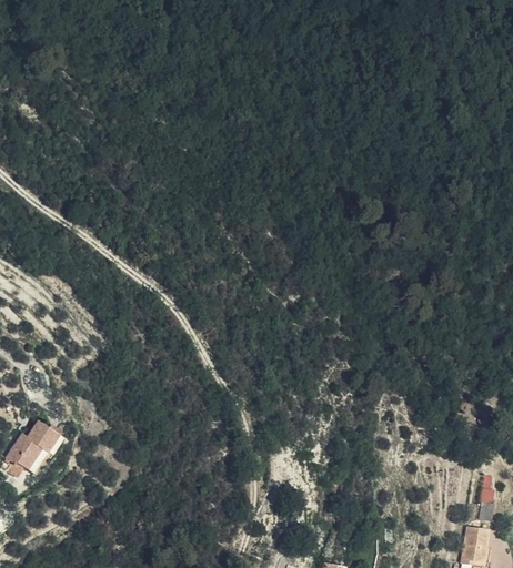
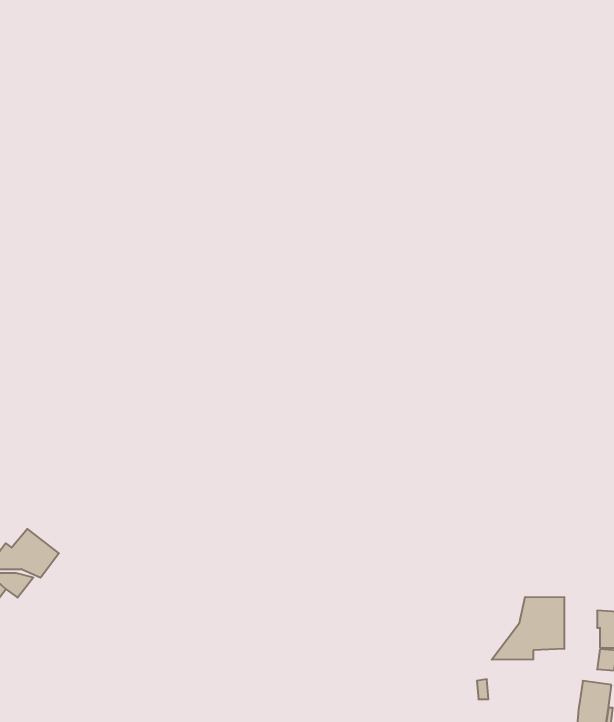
building: none -> [492,597,564,660]

